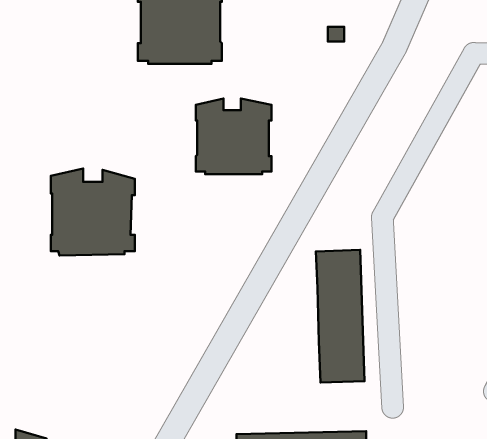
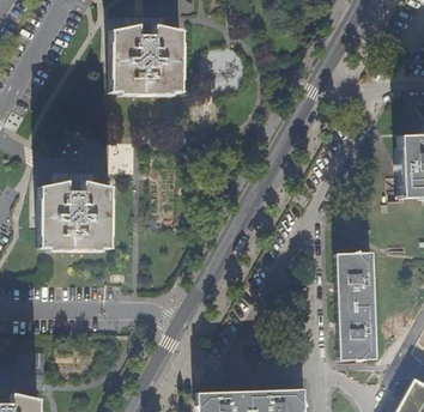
building: [196,99,271,174] -> none
building: [316,250,365,383] -> [337,253,376,360]

